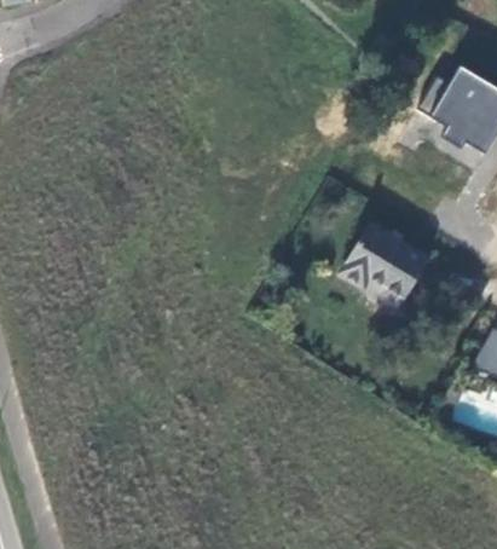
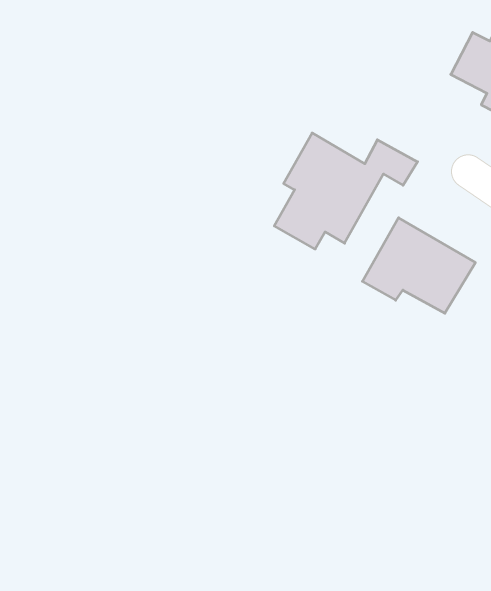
building: none -> [274,133,418,249]

